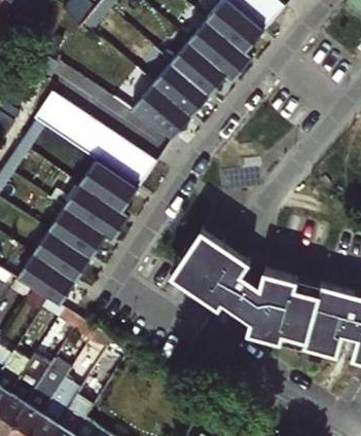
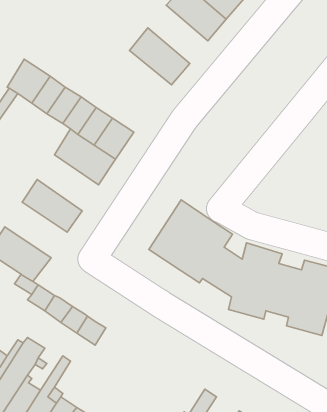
building: [169,43,226,99] -> none
building: [129,86,191,142] -> none
building: [63,186,121,240] -> none
building: [32,231,92,285] -> none

